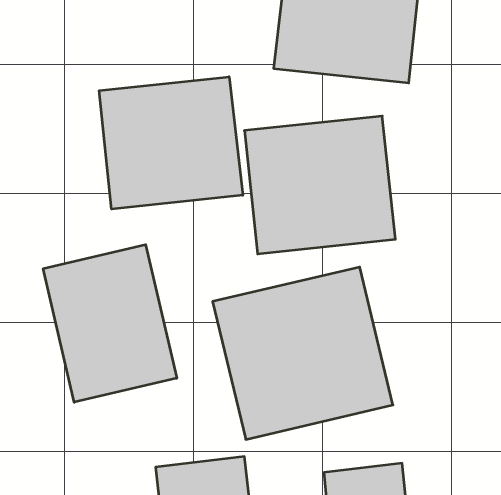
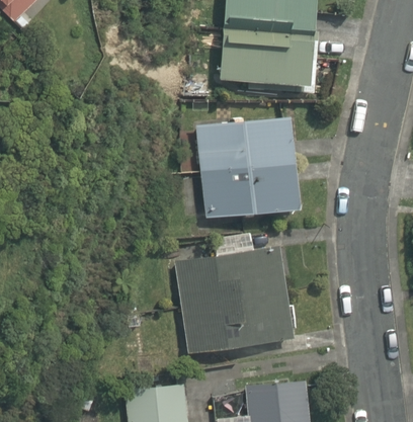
building: [99,77,243,209] -> none
building: [43,245,177,402] -> none

